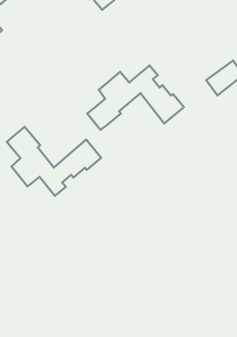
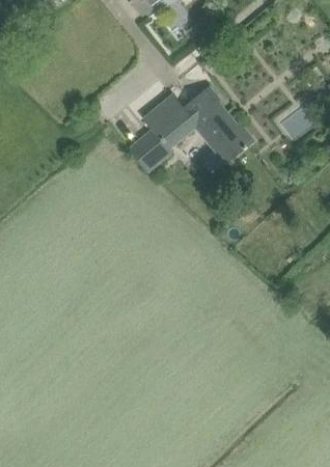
building: [7,127,101,196] -> none

